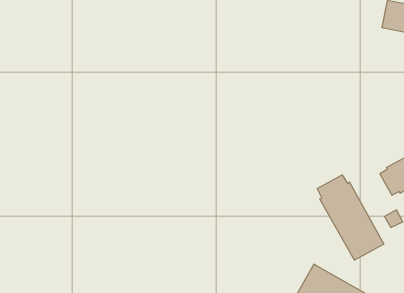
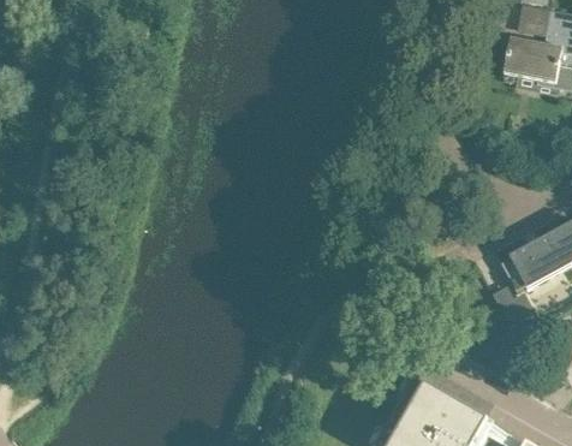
building: [317,175,384,260] -> none

